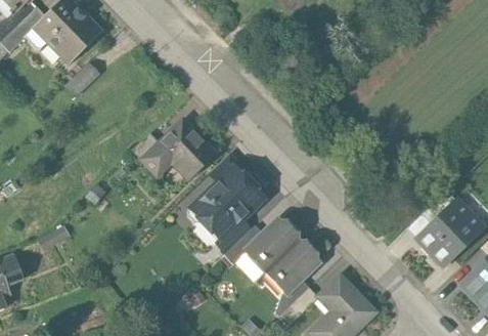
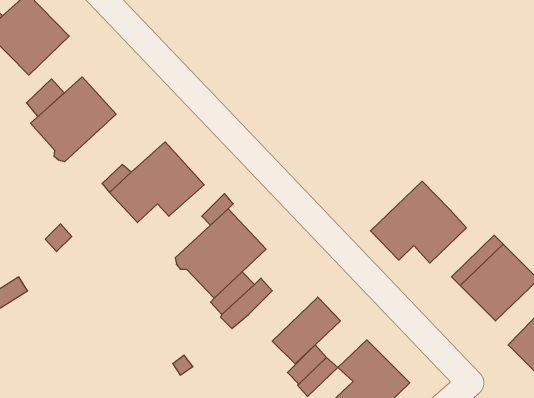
building: none -> [31,77,116,162]
building: none -> [370,181,466,263]
building: [250,223,304,278] -> none

